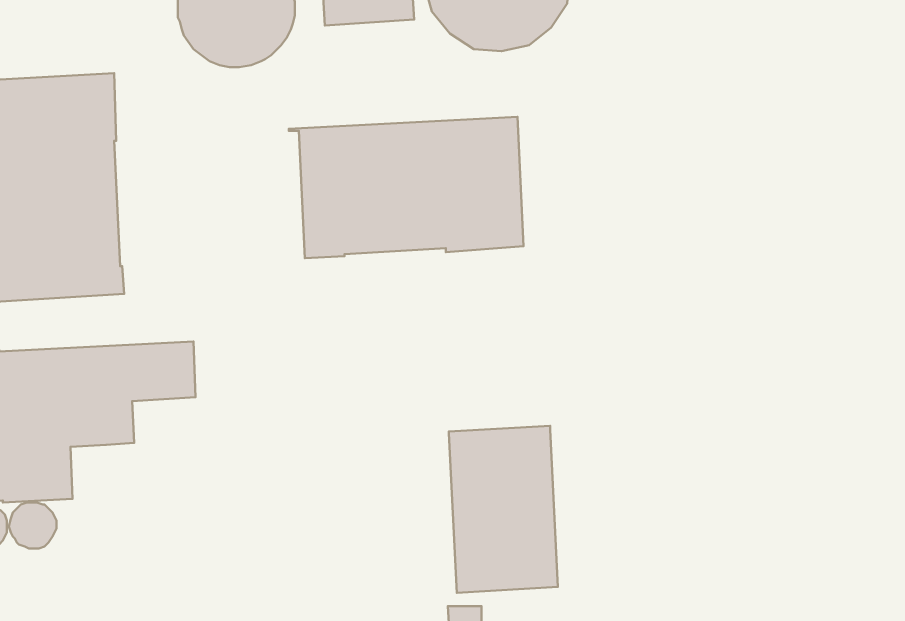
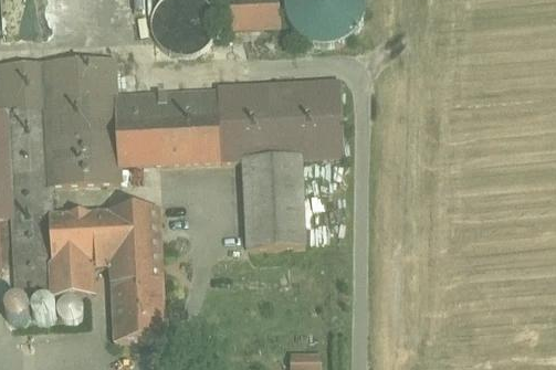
building: none -> [114,89,220,165]
building: none -> [107,237,165,341]
building: [449,426,558,593] -> [242,155,303,247]

